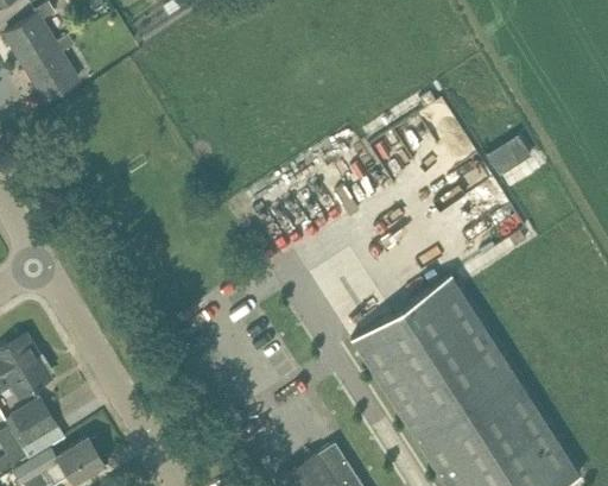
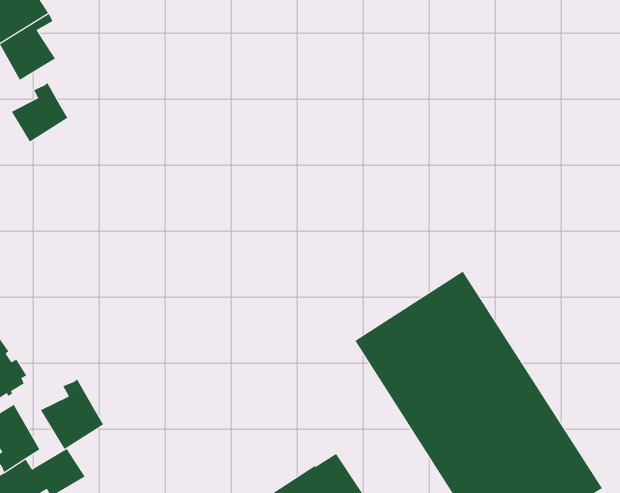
building: none -> [11,82,68,142]
building: [486,135,531,177] -> none
building: none -> [40,378,104,450]

